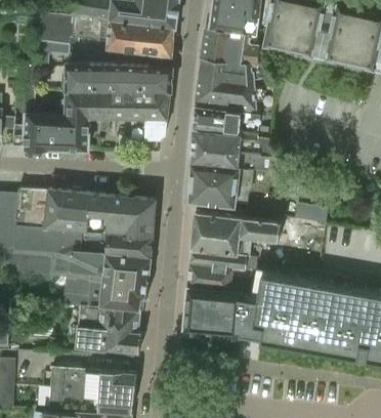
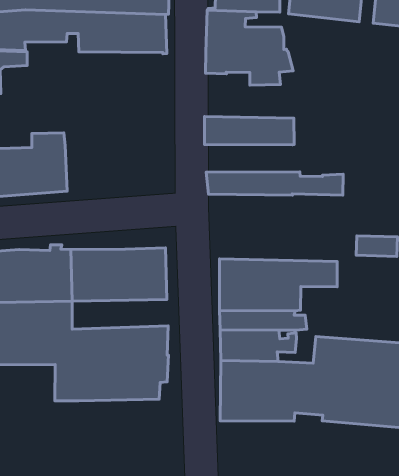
building: [67,65,172,139] -> none
building: [195,75,255,111] -> none
building: [192,131,277,160] -> none
building: [189,164,253,207] -> none
building: [81,232,153,257] -> none
building: [76,305,141,353] -> none

